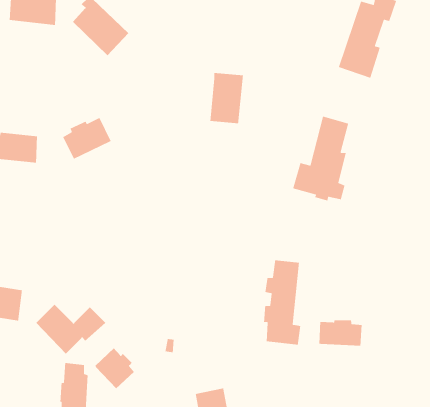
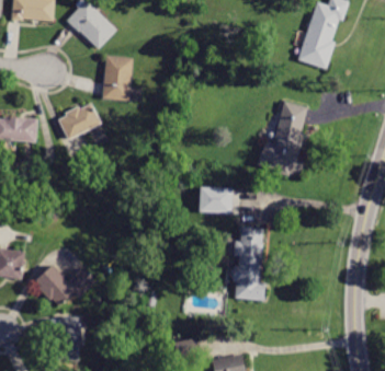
building: [210,72,244,124] -> [103,55,133,100]
building: none -> [199,185,231,211]
building: [319,319,362,346] -> none
building: [95,347,135,389] -> none

